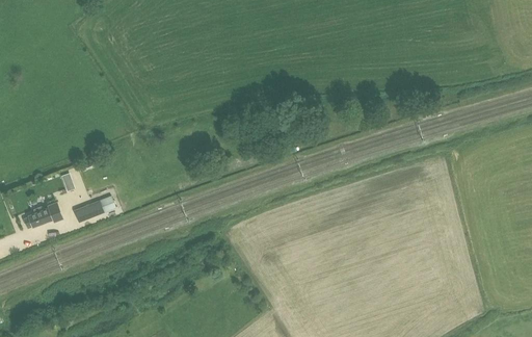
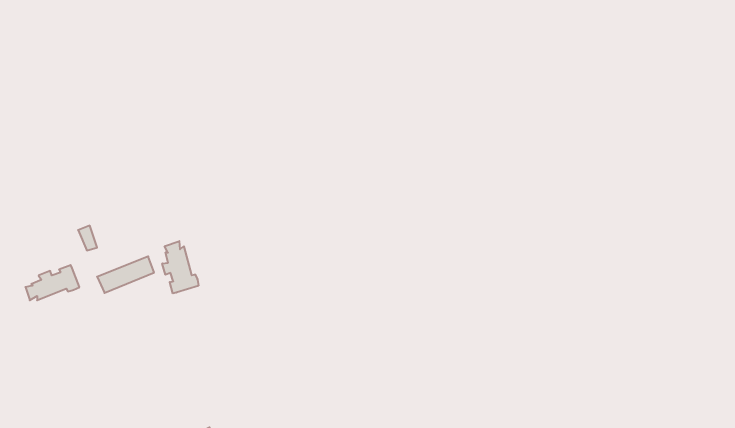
building: none -> [162,241,198,293]

